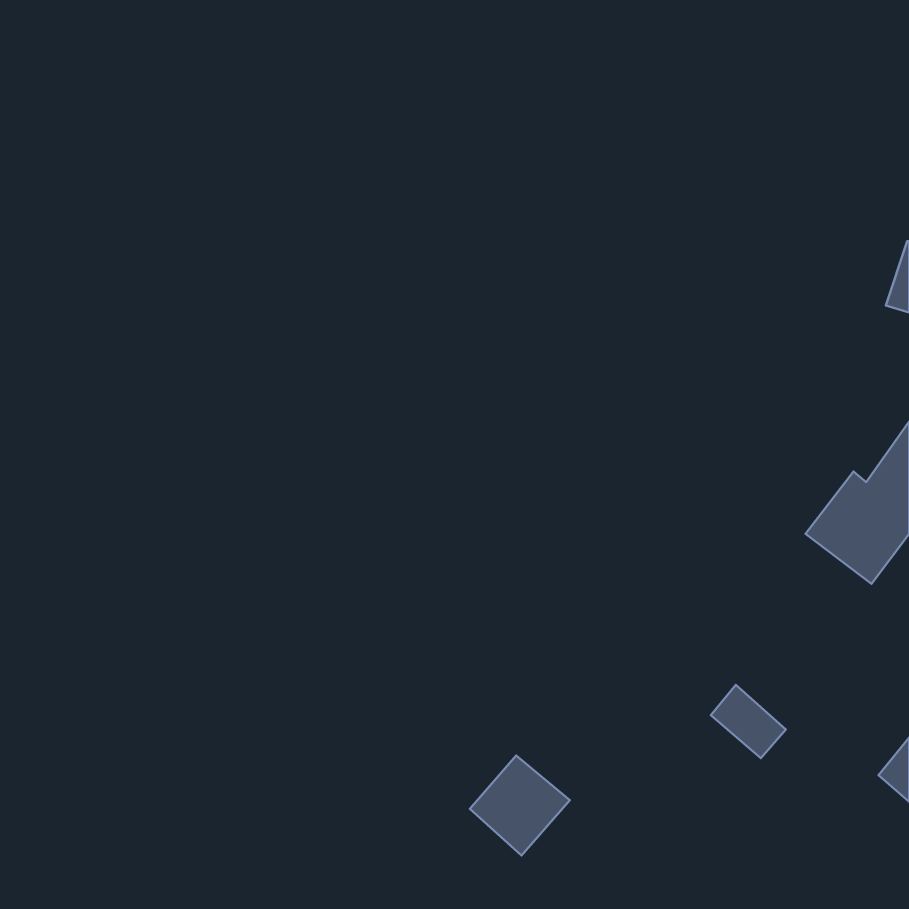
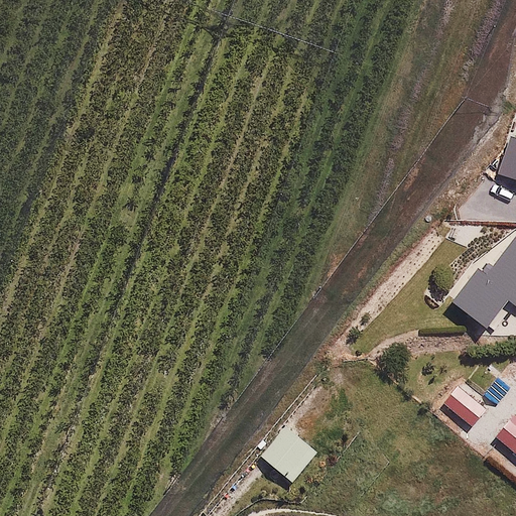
building: [711,685,786,758] -> [442,384,485,425]

